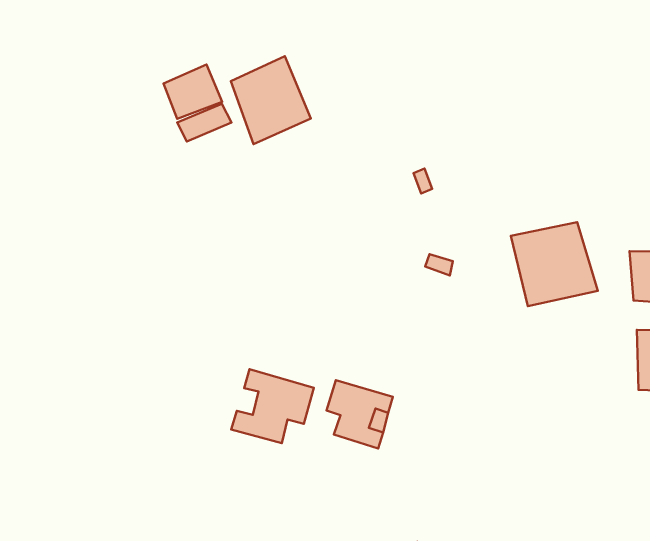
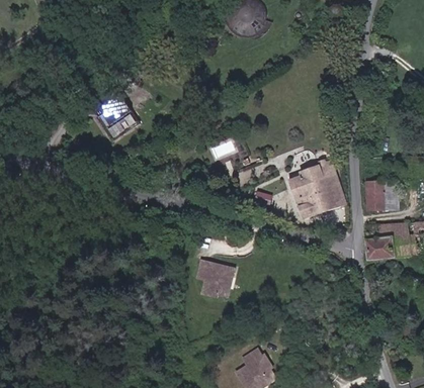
building: [231,56,311,144] -> none
building: [231,369,314,443] -> none

